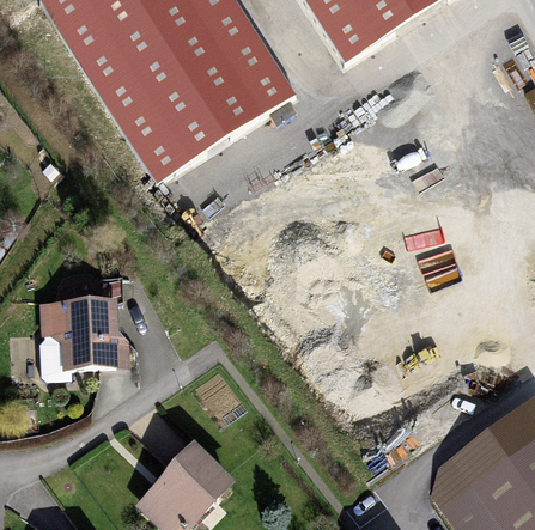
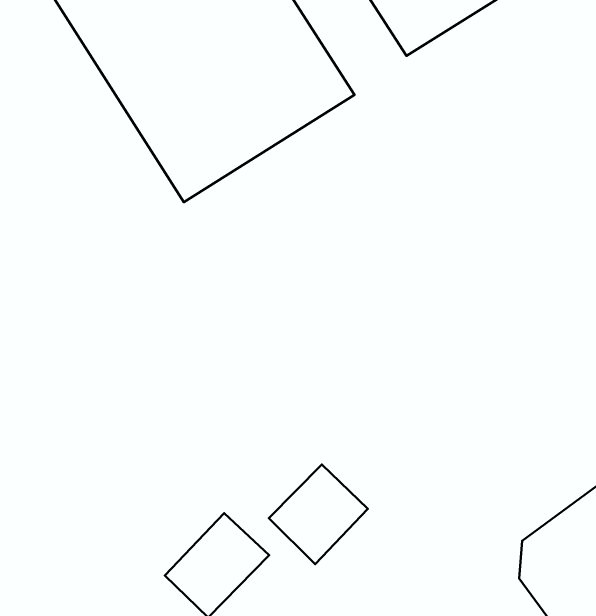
building: [39,300,127,368] -> none
building: none -> [269,464,368,564]

